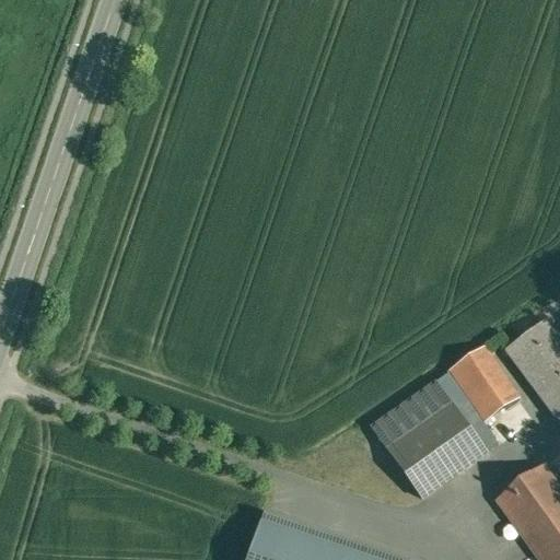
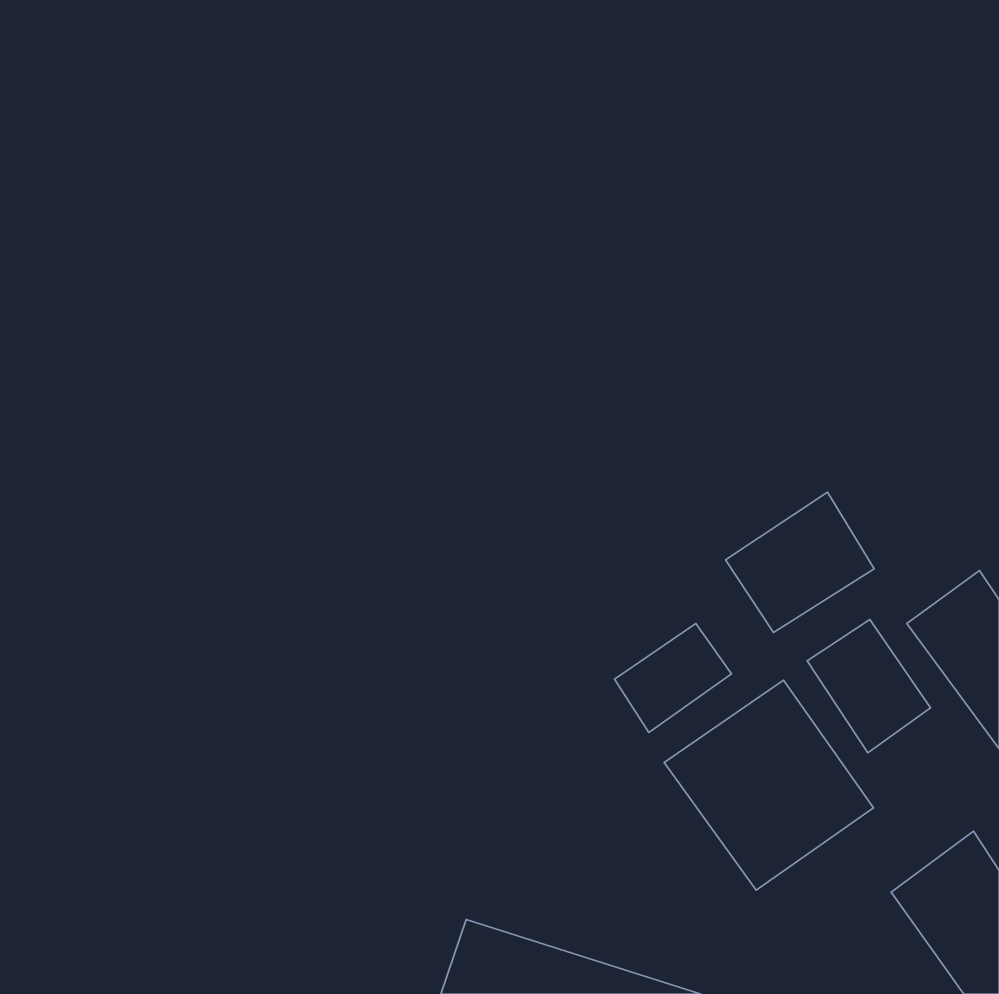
building: none -> [725,492,874,632]
building: none -> [614,624,731,732]

